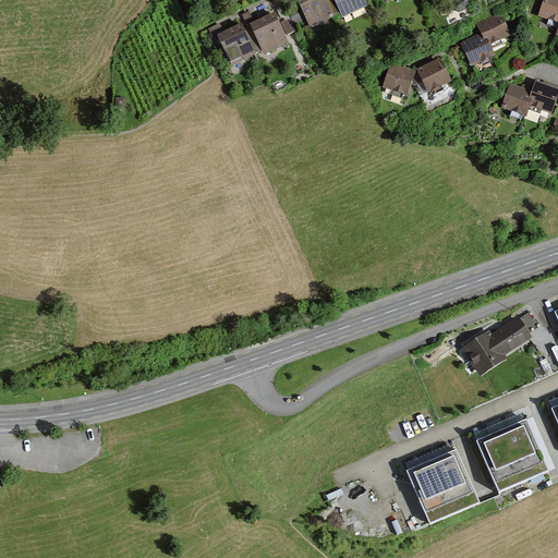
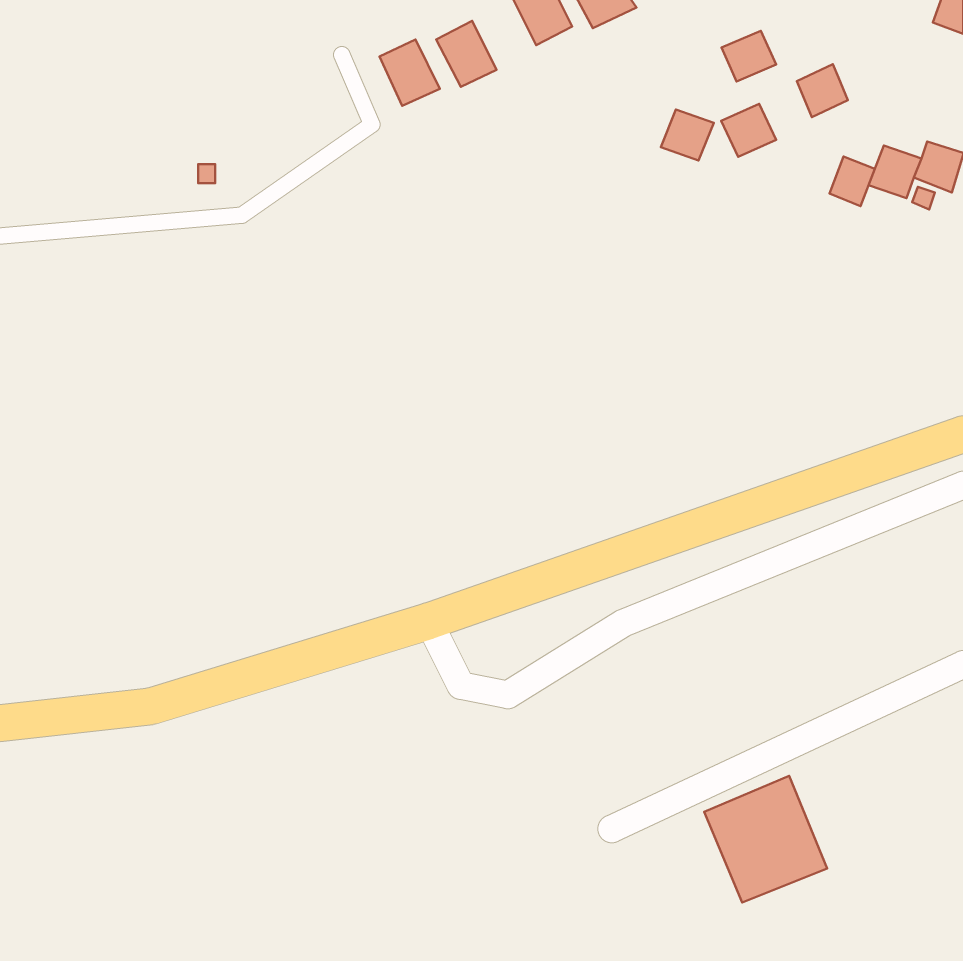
building: [475,15,507,45] -> [721,31,776,82]
building: none -> [830,156,875,206]
building: [463,315,532,373] -> none
building: [476,418,547,490] -> none

